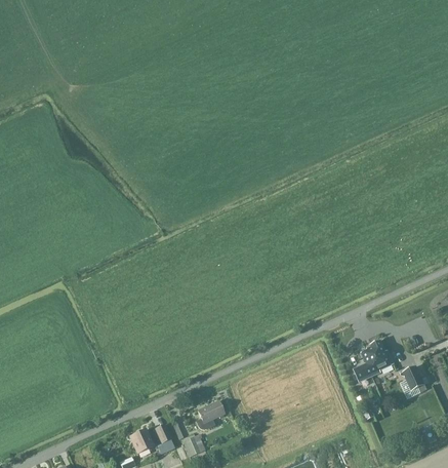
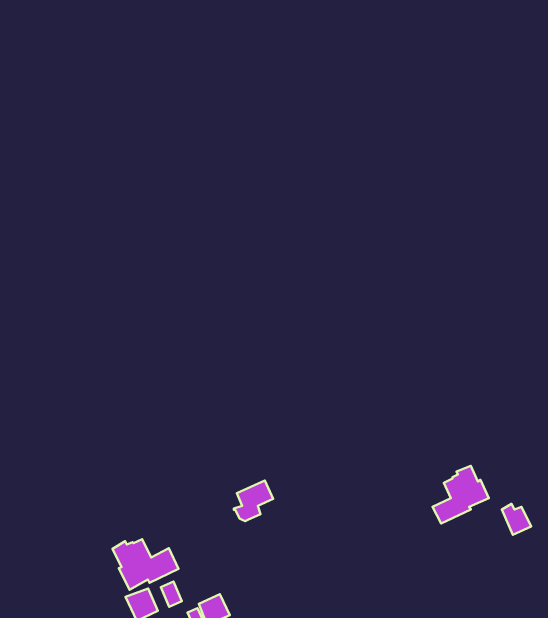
building: none -> [112,539,178,590]
building: [196,401,225,431] -> [234,480,273,521]

